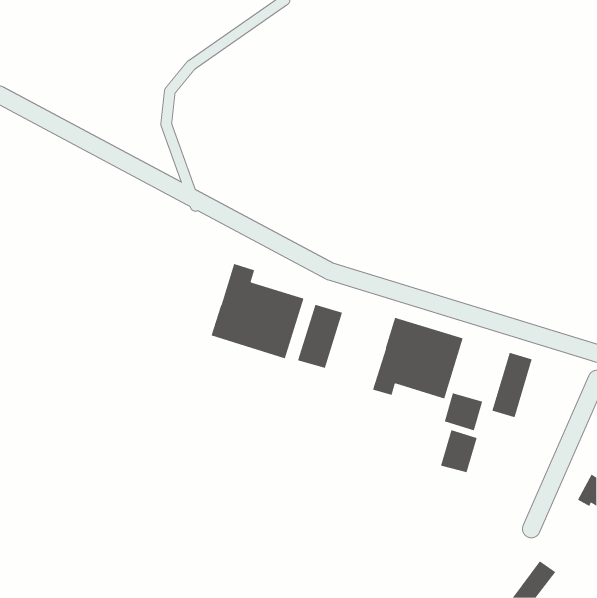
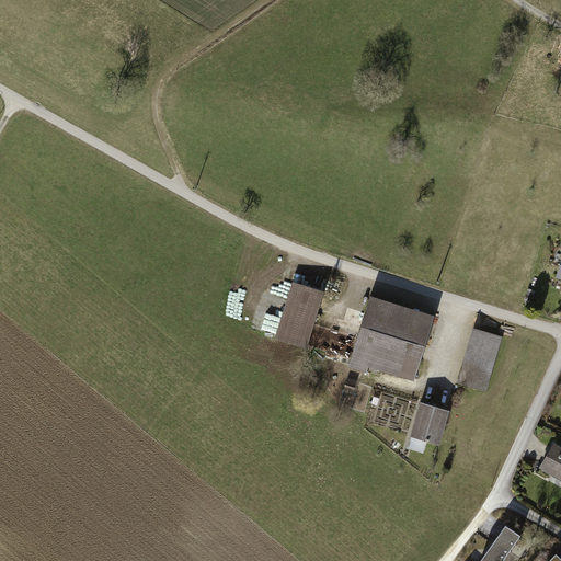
building: [211,263,304,359] -> none
building: [444,393,483,431] -> none

